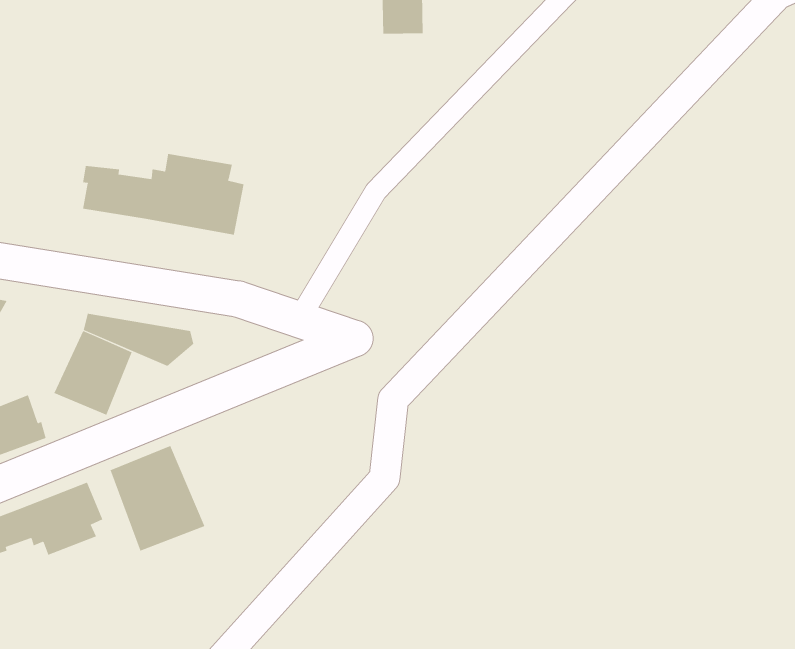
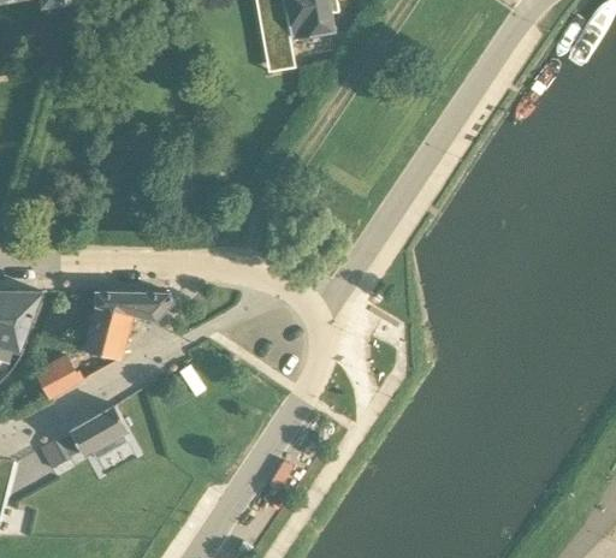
building: [82,153,244,235] -> none
building: [110,445,205,552] -> none

